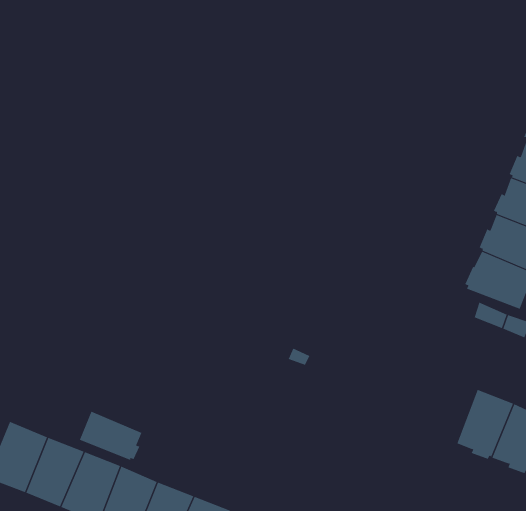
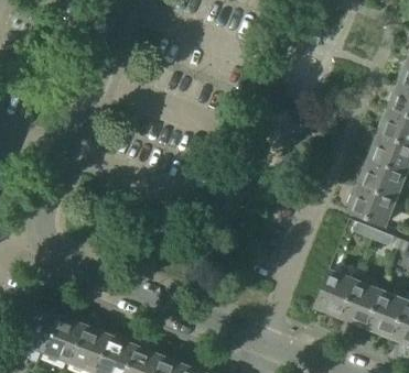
building: none -> [314,271,355,320]
building: [79,411,142,461] -> none

